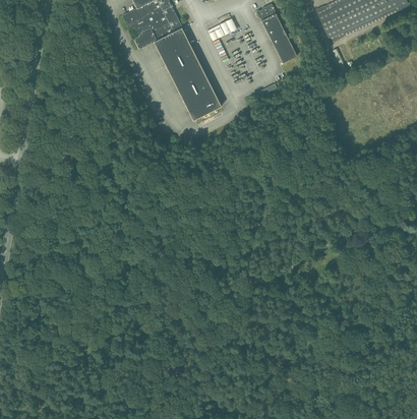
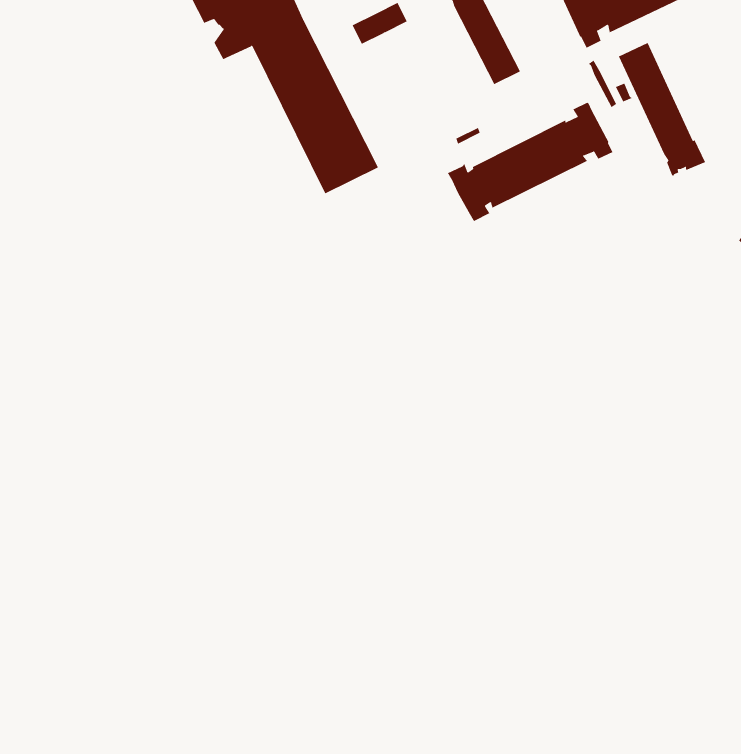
building: none -> [618,42,706,177]
building: none -> [447,102,613,222]

